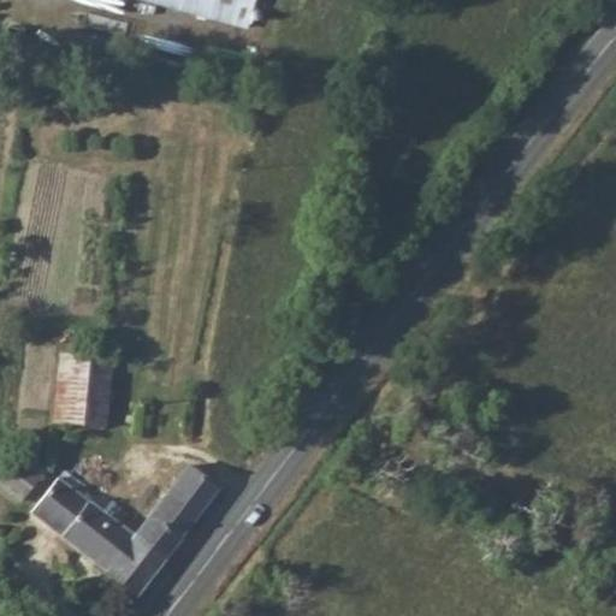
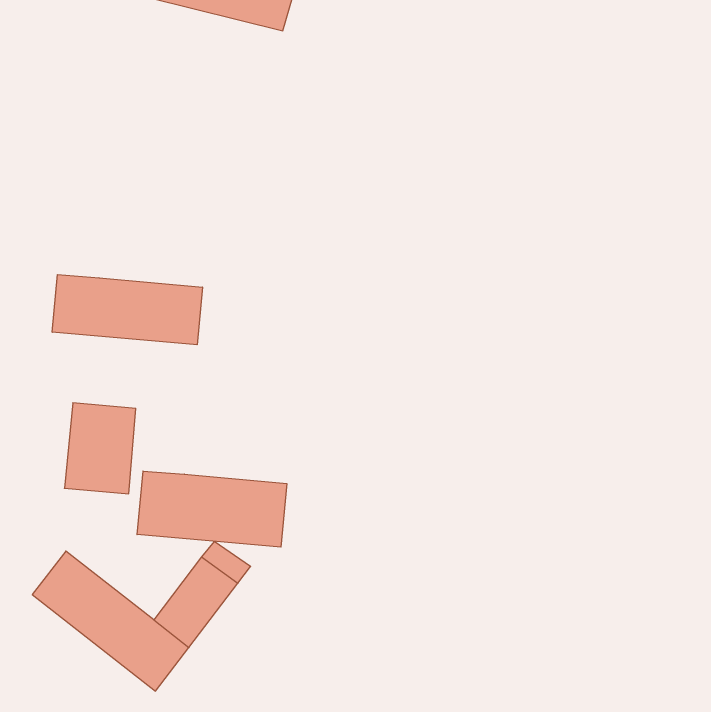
building: none -> [52,275,202,345]
building: none -> [137,471,287,547]

